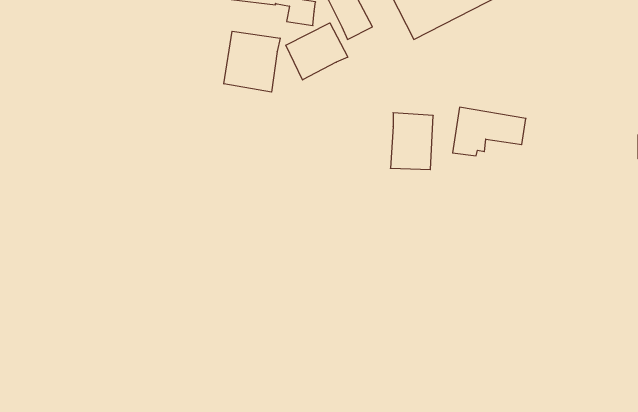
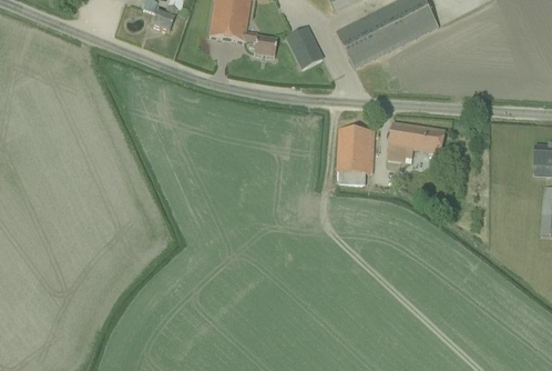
building: [286,23,348,80] -> none
building: [224,31,280,92] -> none

